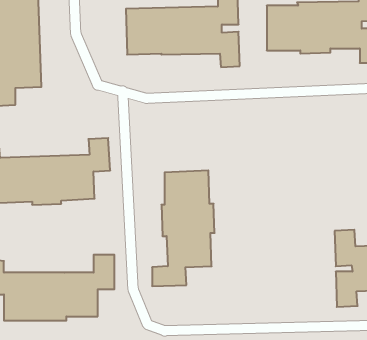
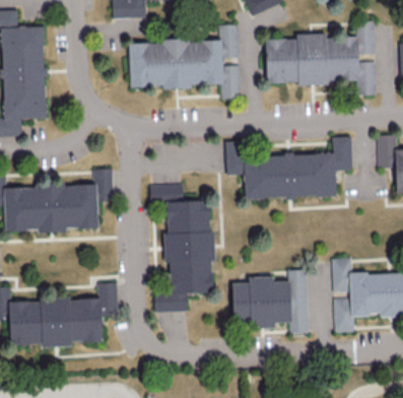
building: none -> [225,137,351,200]
building: none -> [149,185,183,200]
building: none -> [231,270,309,334]

